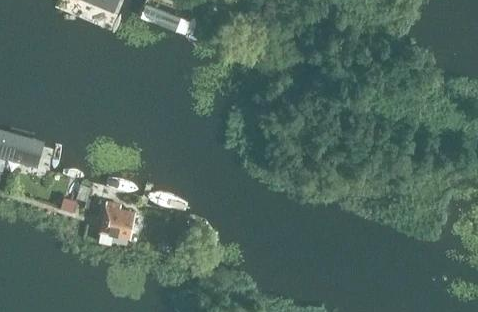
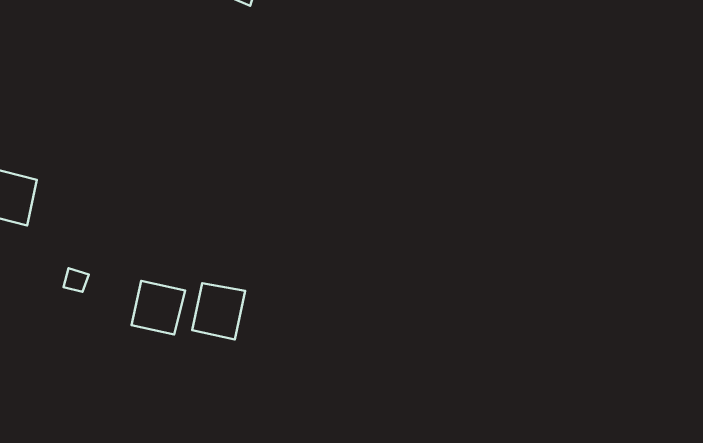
building: none -> [192,283,245,339]

